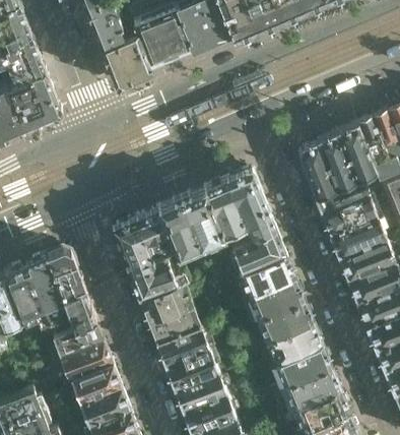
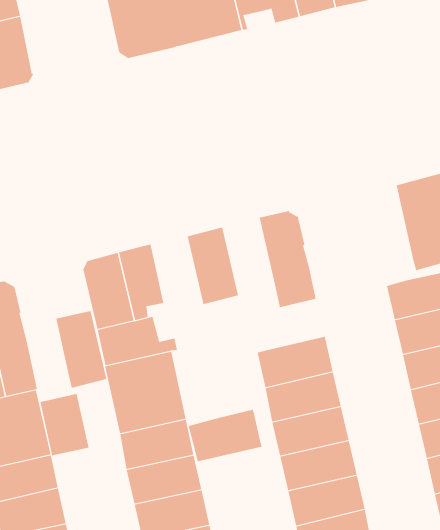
building: [297,145,336,214] -> none
building: [204,182,246,237] -> none
building: [157,202,199,257] -> [55,311,107,388]
building: [232,231,285,272] -> [188,409,263,462]
building: none -> [40,393,89,456]

